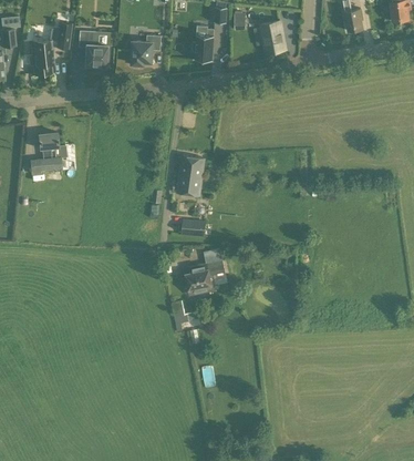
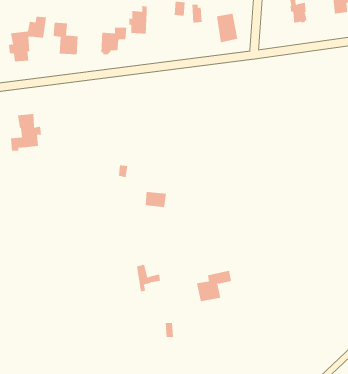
building: [193,29,214,61] -> [129,5,147,34]
building: [177,155,205,196] -> none
building: [186,259,226,295] -> [196,270,232,302]

